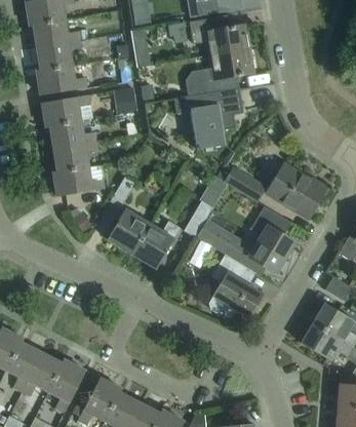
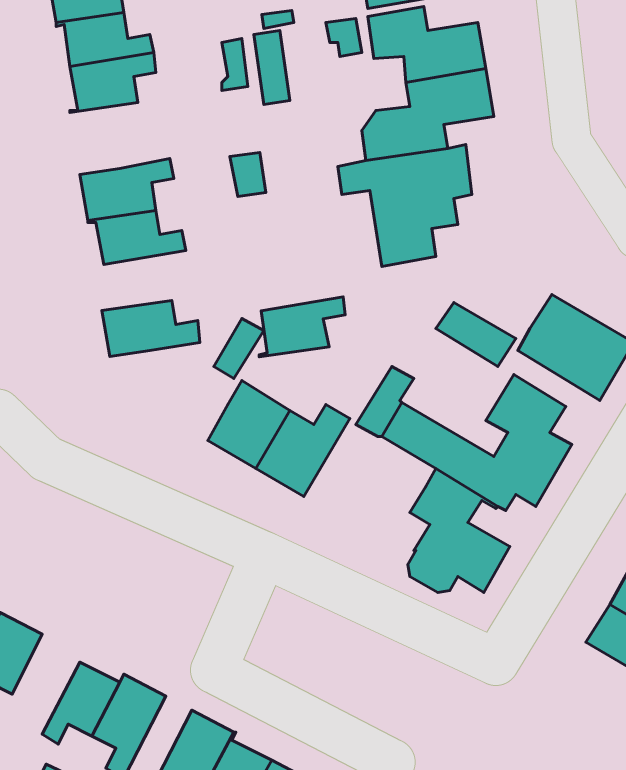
building: [37,66,87,94] -> none
building: [53,142,97,172] -> [259,297,345,357]
building: [7,339,42,390] -> none

